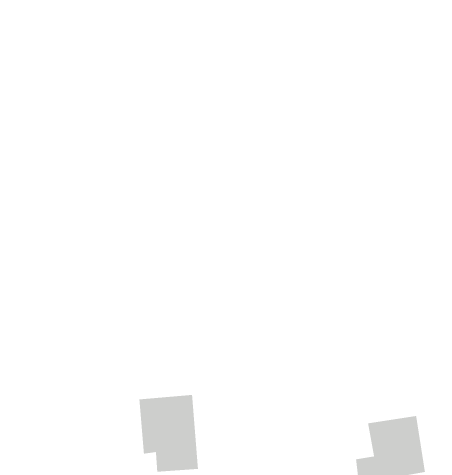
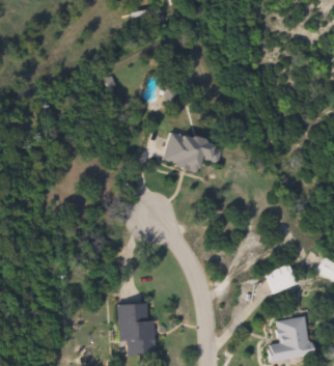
building: none -> [164,134,225,168]
building: none -> [267,264,298,292]

